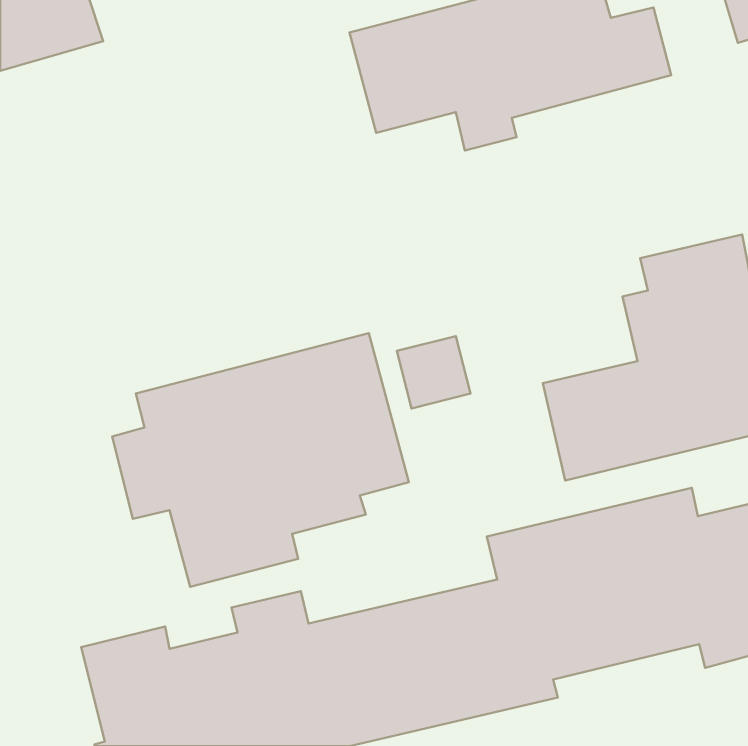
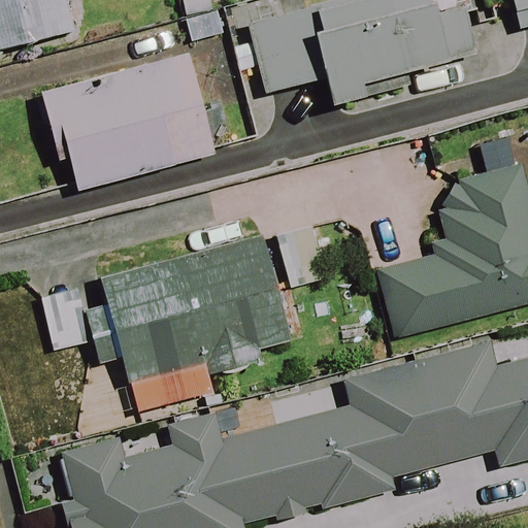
building: none -> [48,55,214,190]

